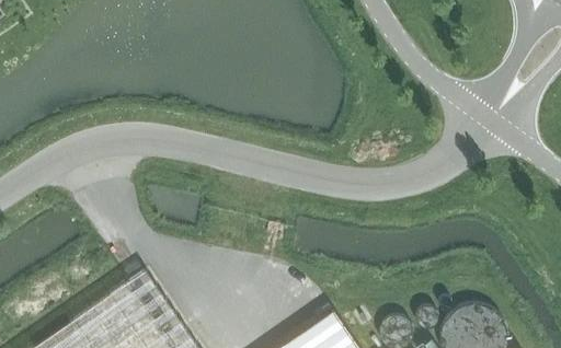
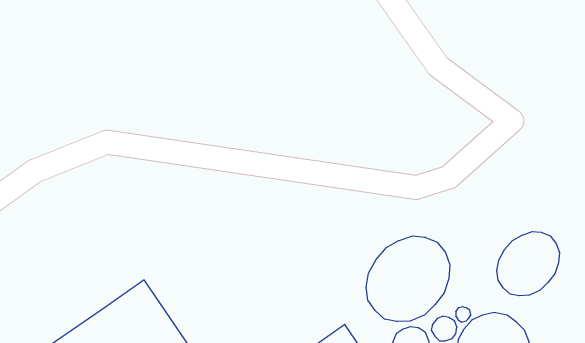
building: none -> [497,232,559,296]
building: none -> [366,236,450,322]

